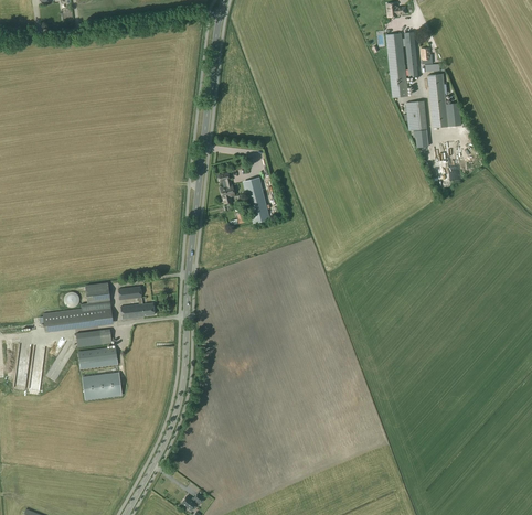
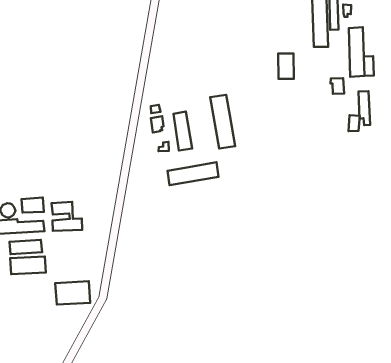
building: [406,101,425,130] -> [278,53,294,79]
building: none -> [210,95,235,148]
building: none -> [168,162,219,185]
building: [83,372,123,399] -> [55,281,90,304]

